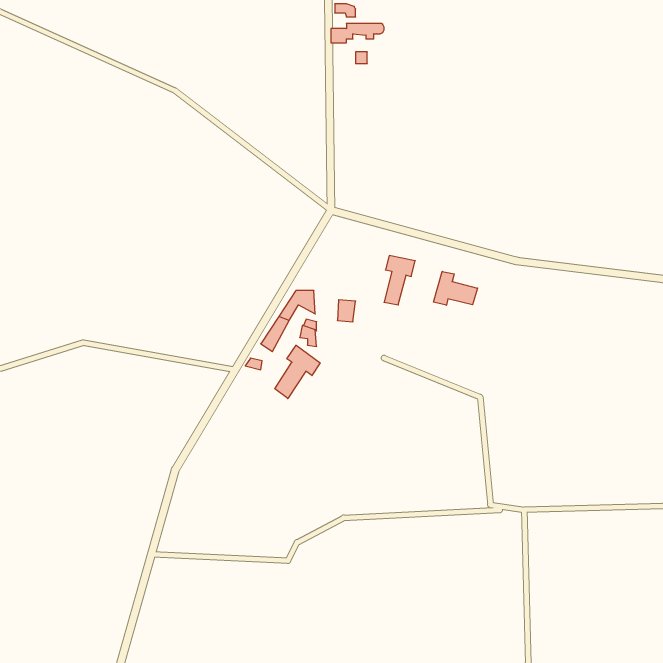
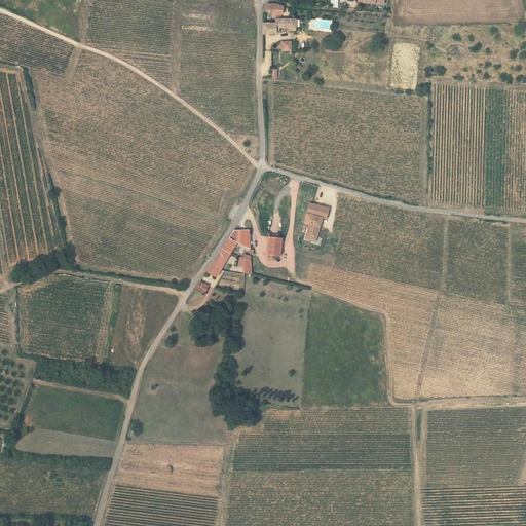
building: [434,271,478,305] -> none
building: [275,345,320,399] -> none

